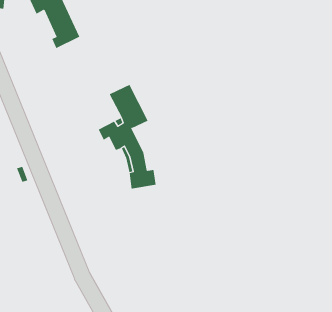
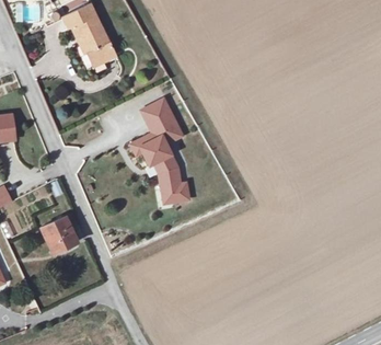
building: none -> [42,218,78,255]

